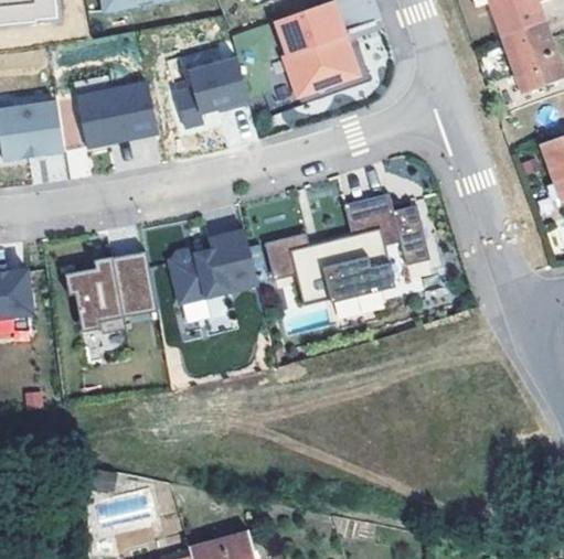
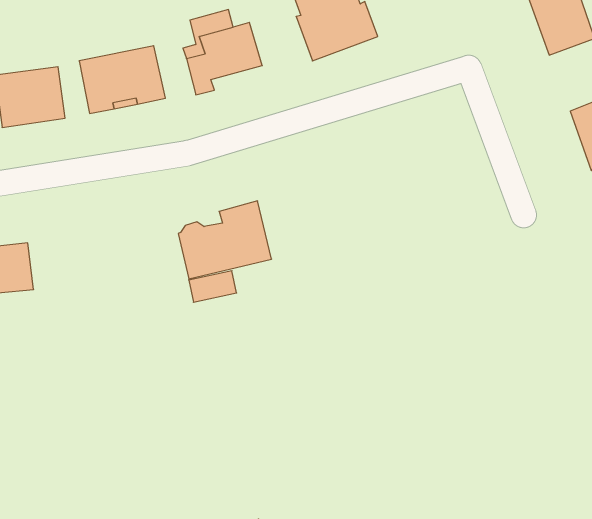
building: [266,193,432,305] -> none
building: [65,251,157,332] -> none

